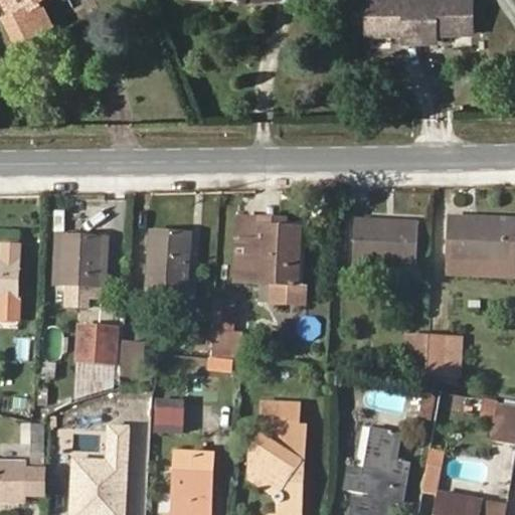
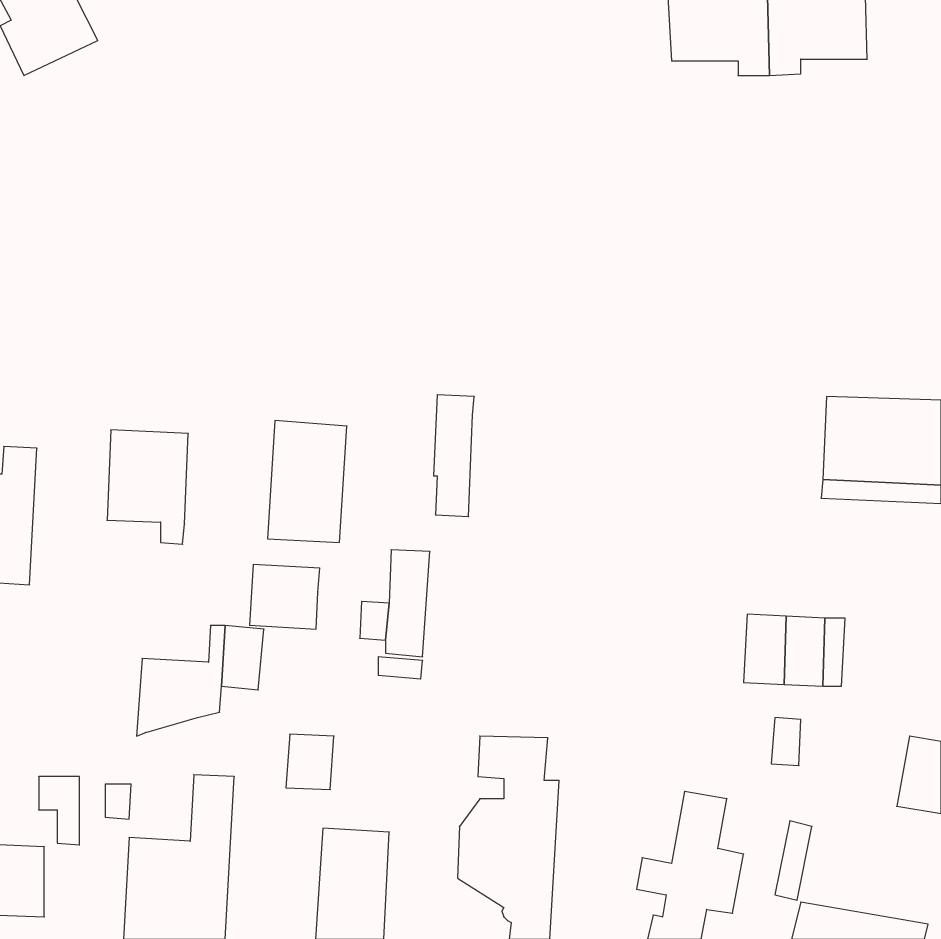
building: [352,218,417,266] -> none
building: [255,226,306,303] -> none
building: [77,326,116,361] -> [250,564,320,629]

